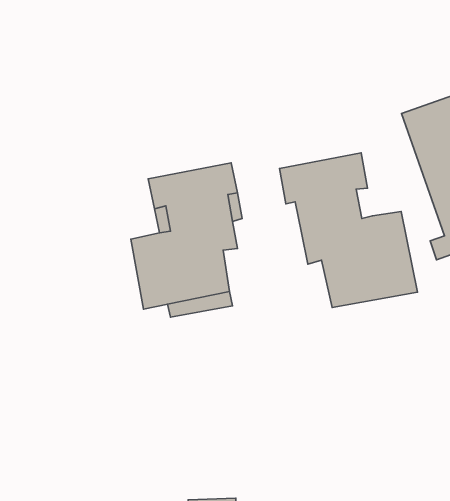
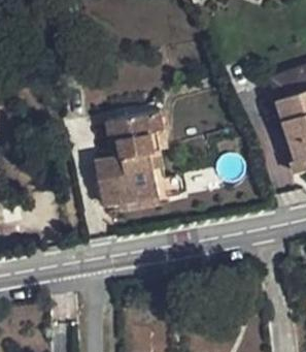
building: [280,153,418,307] -> none

